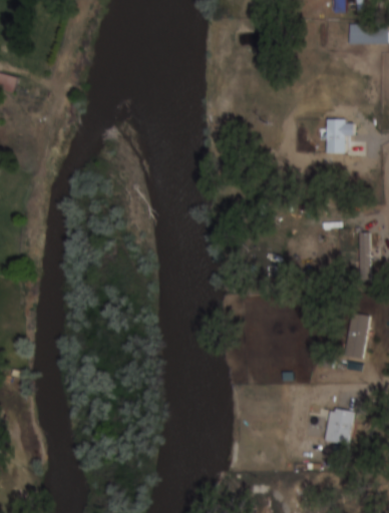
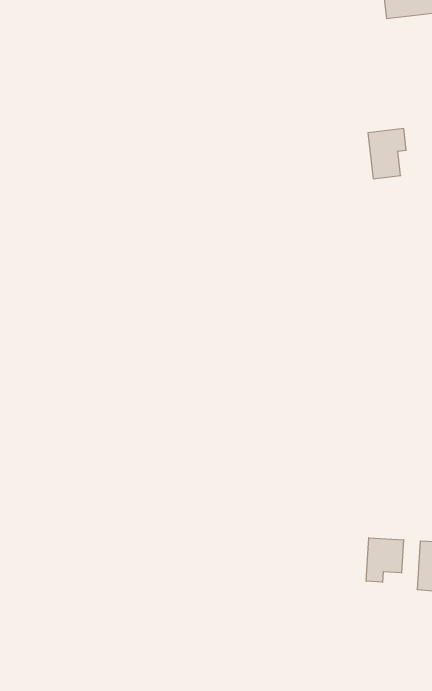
building: none -> [366,538,404,582]

